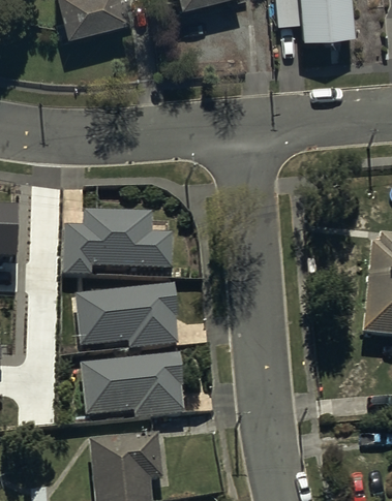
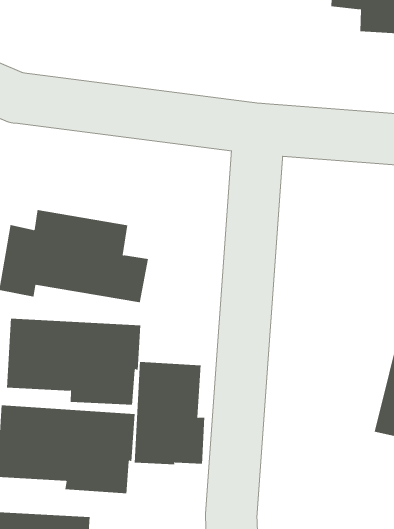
building: none -> [134,361,205,465]

